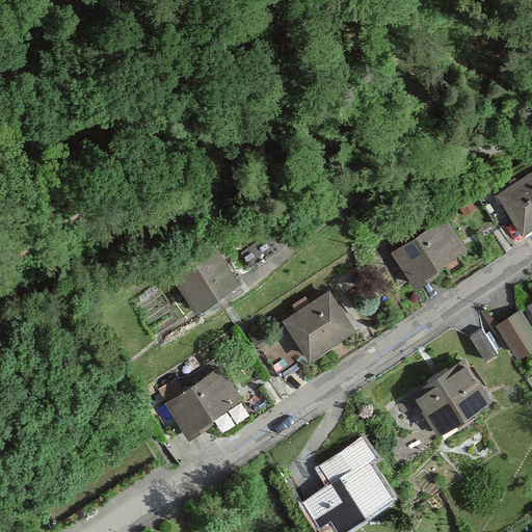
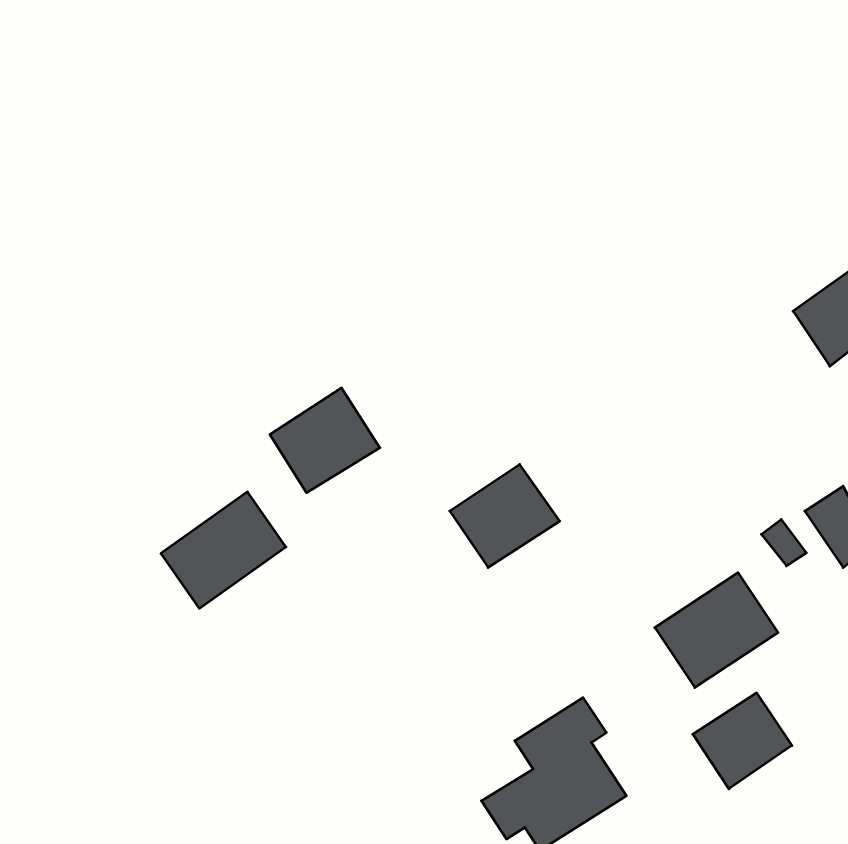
building: [392,221,466,287] -> none
building: [164,368,242,441] -> [161,492,286,608]
building: none -> [693,693,792,789]

